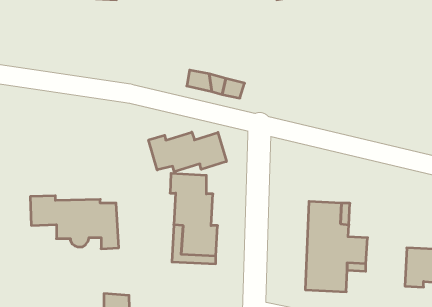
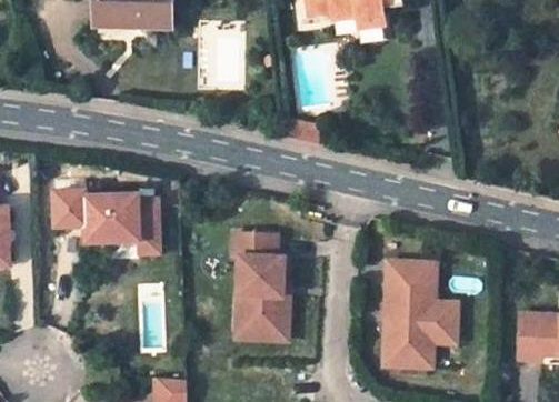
building: [149,132,226,172] -> none
building: [30,196,119,249] -> [52,189,158,252]

